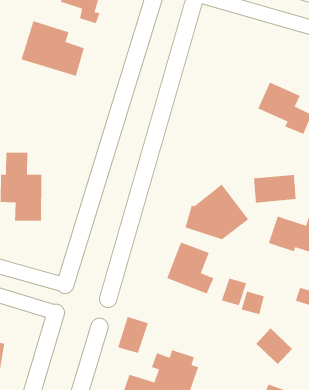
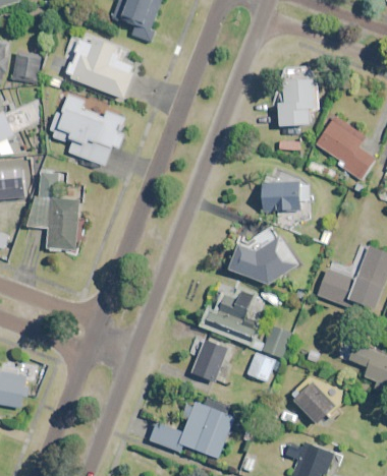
building: none -> [282,79,314,124]
building: none -> [50,96,124,166]
building: [253,174,297,203] -> [262,182,307,211]
building: [240,291,265,315] -> [246,353,274,380]
building: [117,316,149,354] -> [192,340,228,381]

